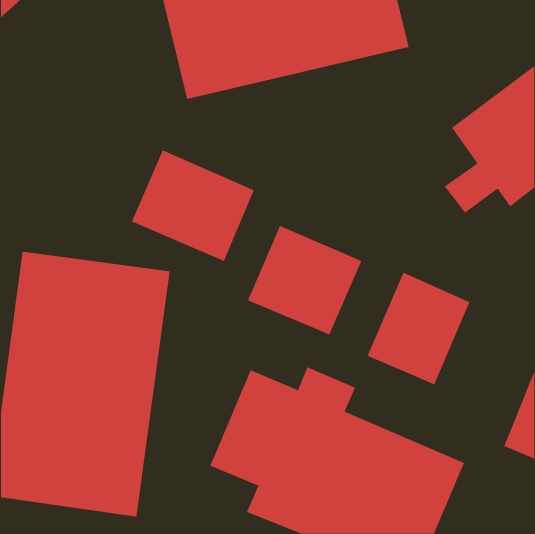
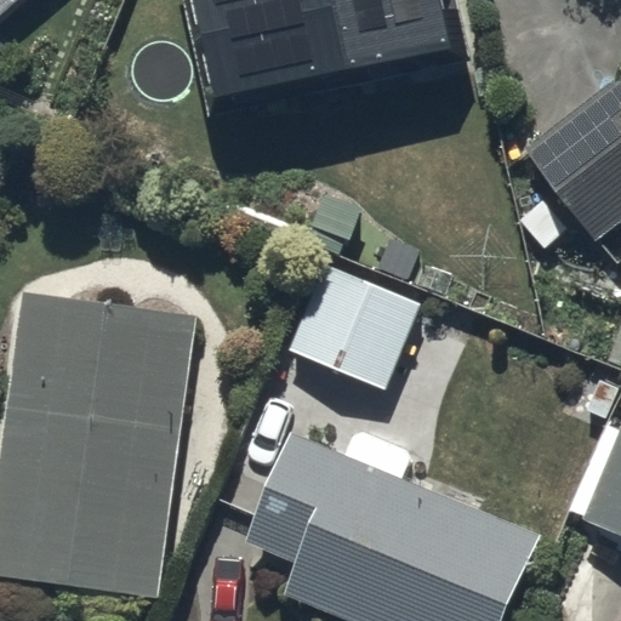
building: [131,149,254,262] -> none
building: [367,272,470,385] -> none

